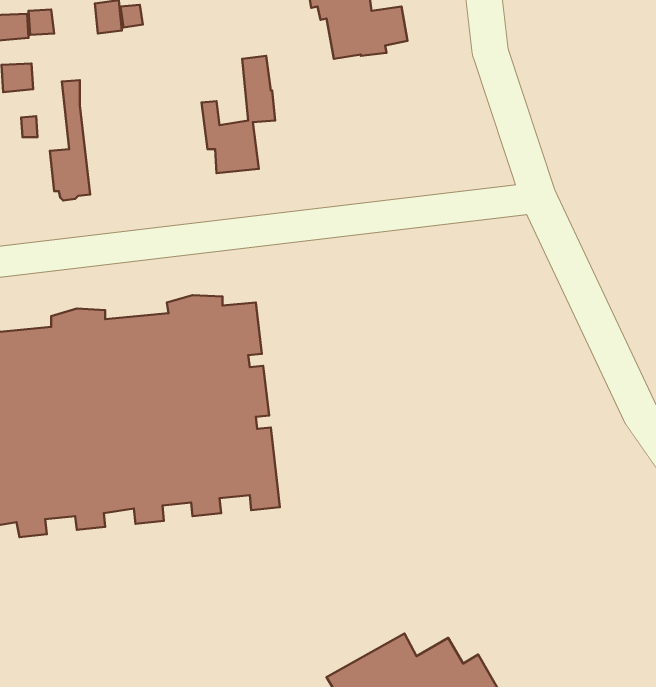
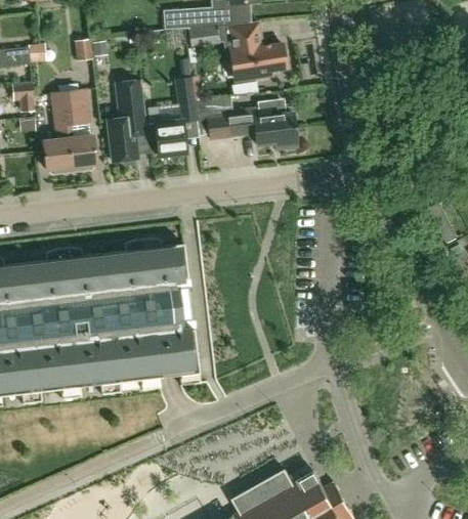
building: none -> [107,81,146,166]
building: none -> [63,90,95,171]
building: none -> [195,98,296,148]

